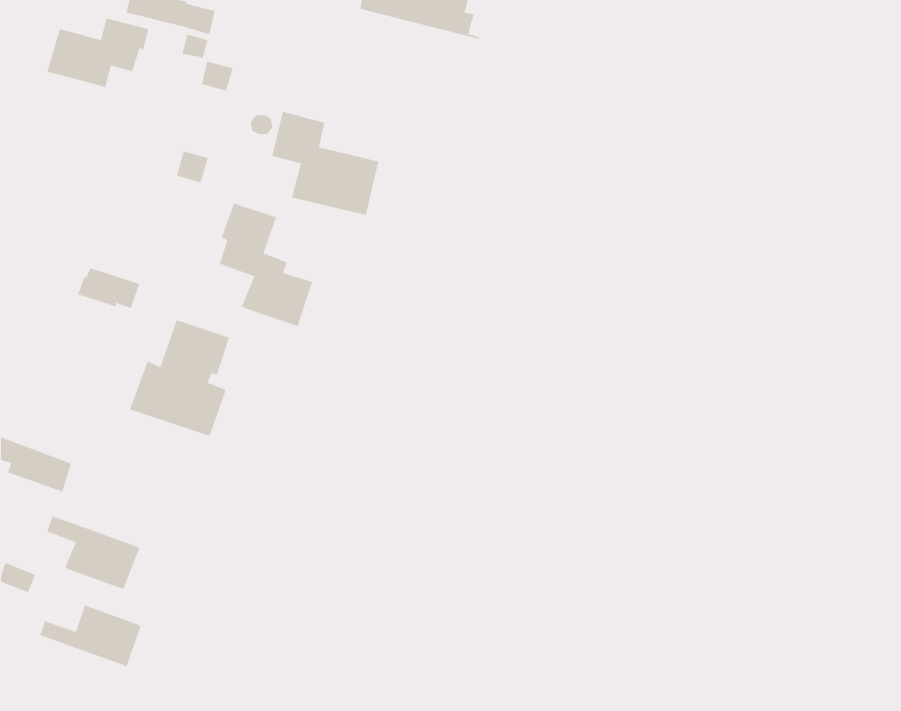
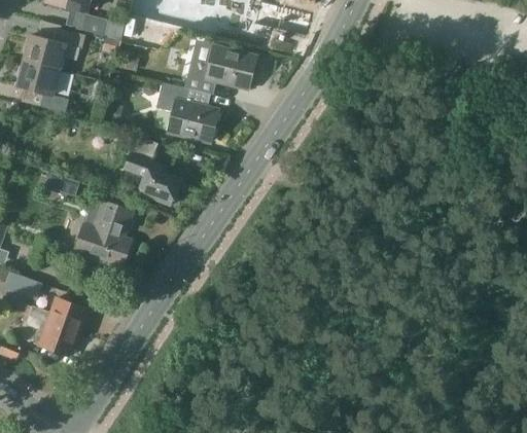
building: none -> [185,46,255,94]
building: none -> [20,59,68,110]
building: [39,604,142,667] -> [30,295,89,331]

